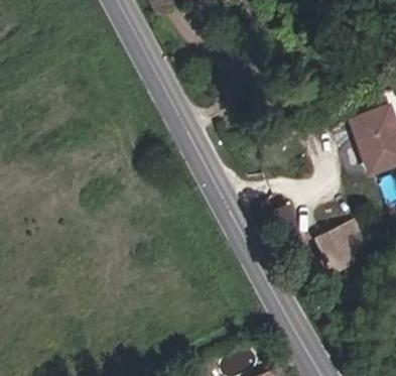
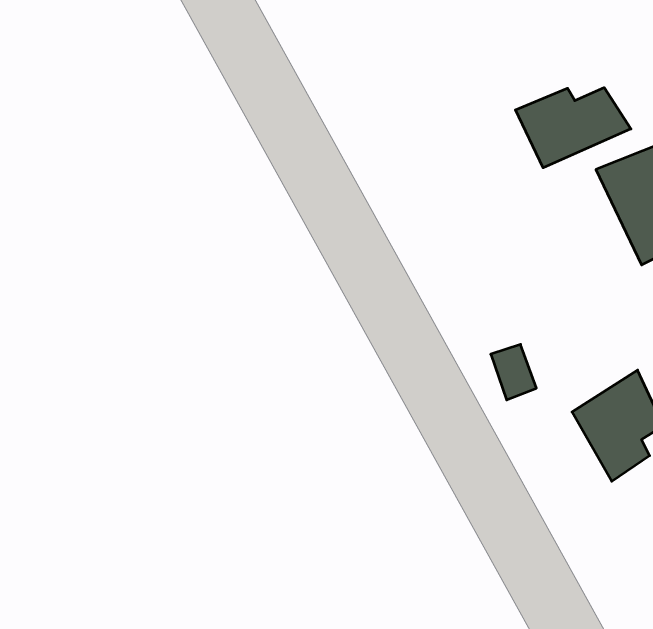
building: none -> [515,88,631,168]

